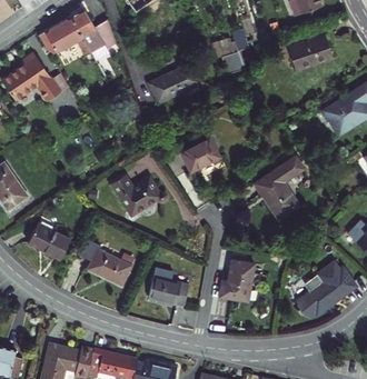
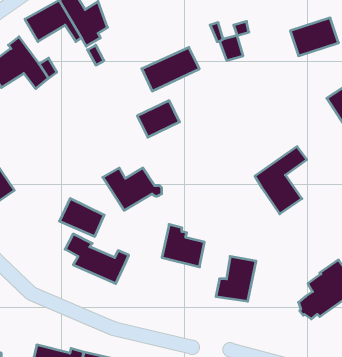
building: [179,137,219,171] -> [137,101,180,137]
building: [27,222,69,258] -> [59,199,104,236]
building: [148,267,188,307] -> [162,224,204,267]

